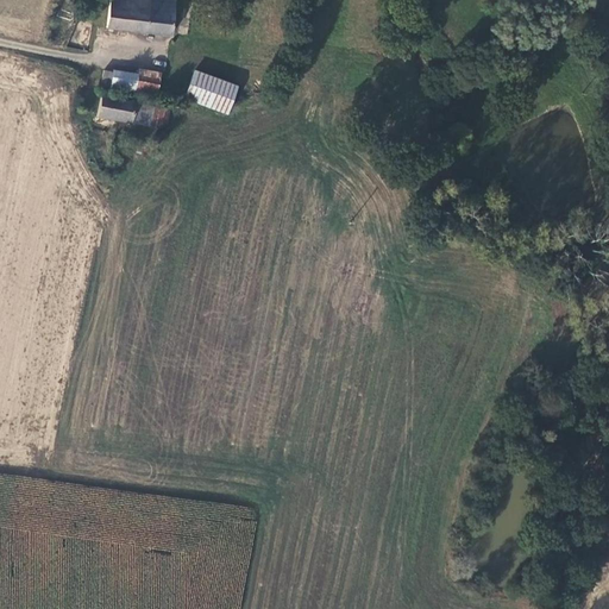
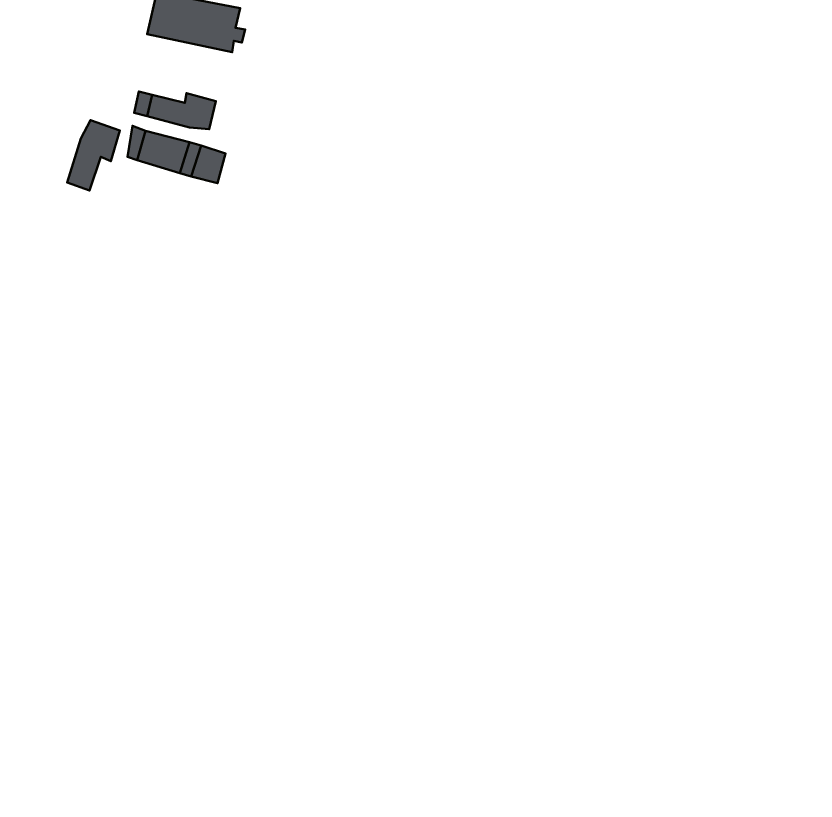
building: [189,65,240,108] -> none
building: none -> [67,120,120,190]

